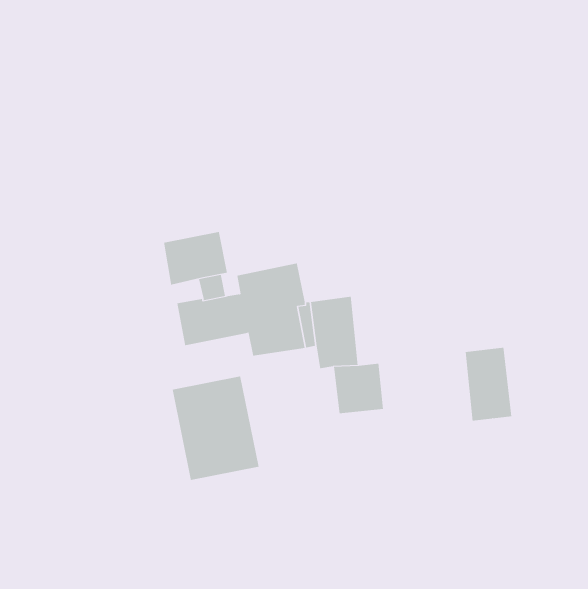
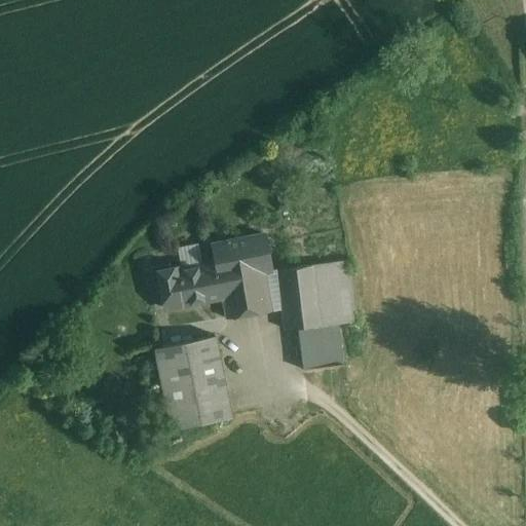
building: [163,231,228,286] -> none
building: [465,347,512,421] -> [314,260,356,326]

